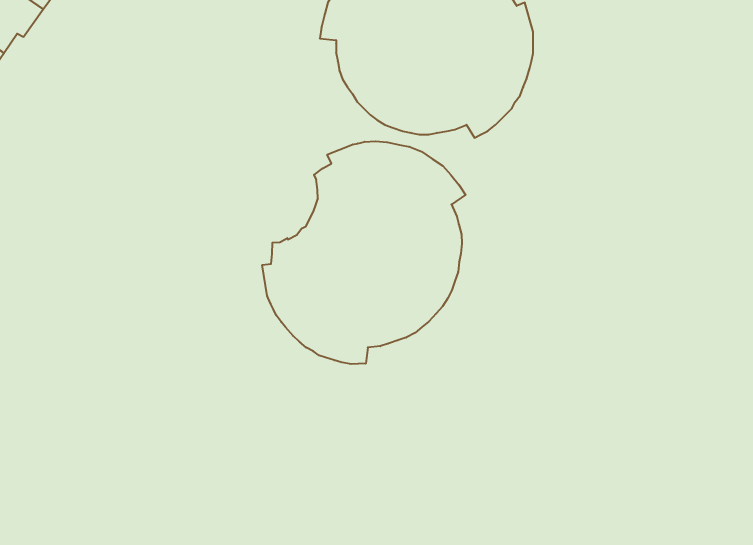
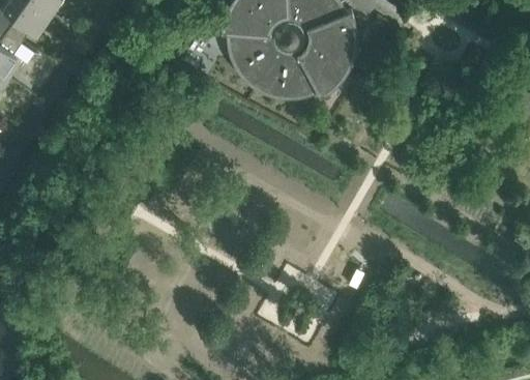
building: [262,141,466,364] -> none

